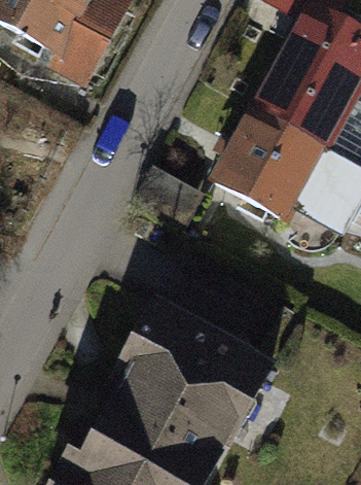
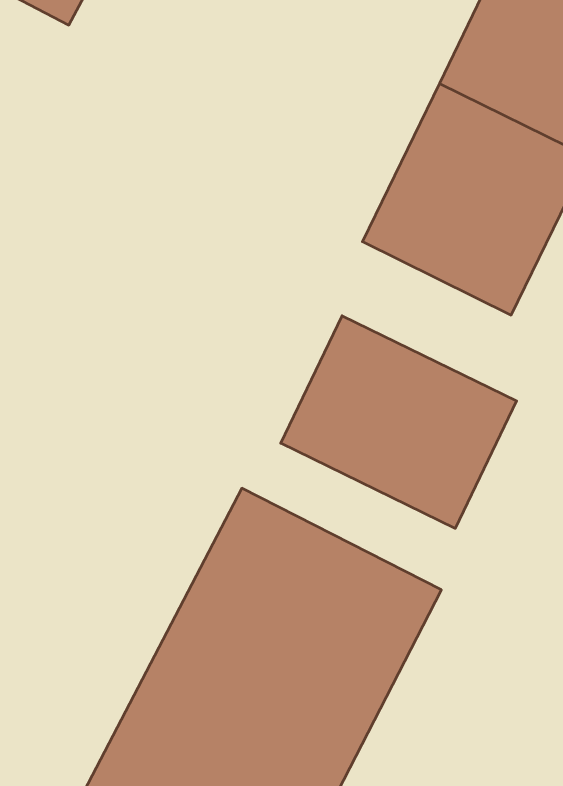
building: none -> [281,316,517,528]

